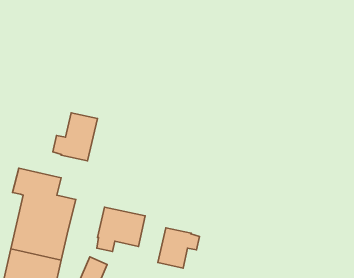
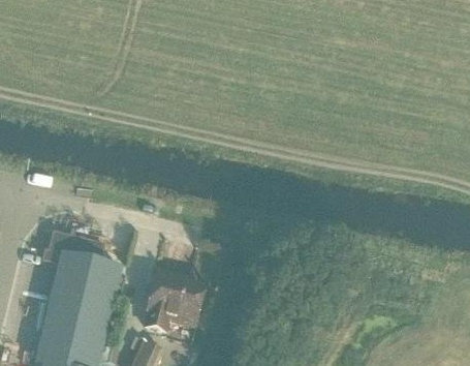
building: [53,113,97,161] -> none
building: [158,228,199,268] -> none

